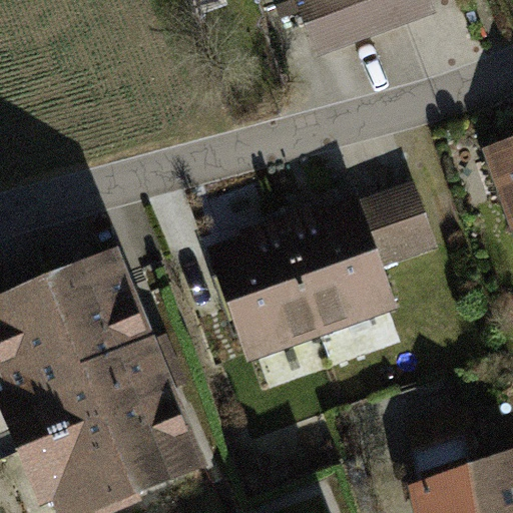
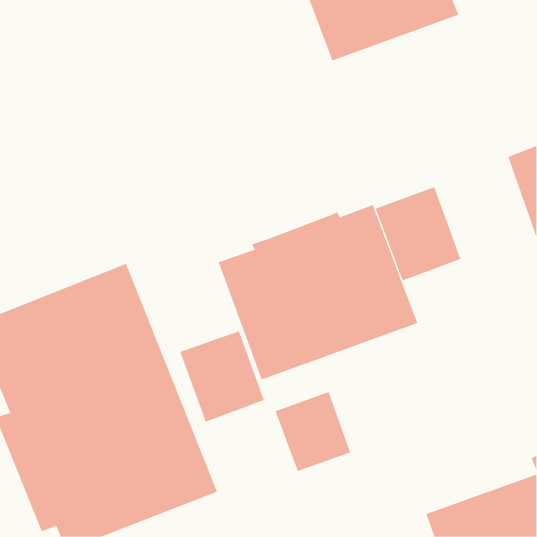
building: none -> [179,330,265,423]
building: none -> [275,391,351,472]

